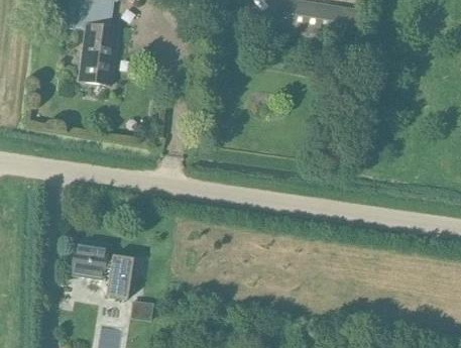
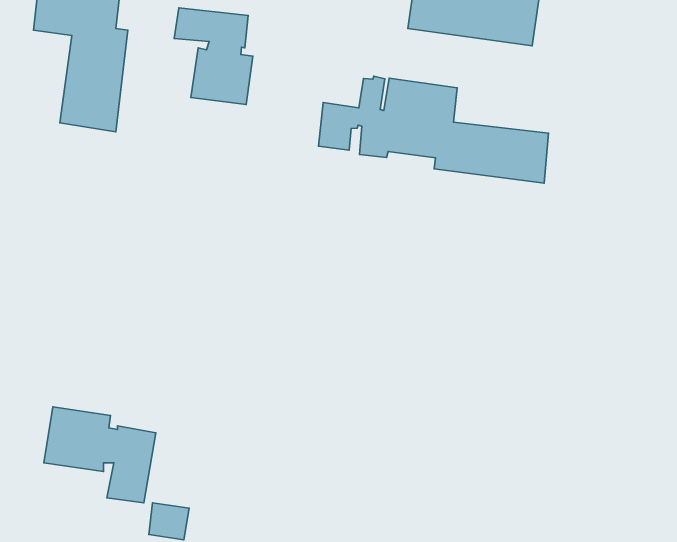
building: none -> [174,8,253,104]
building: none -> [319,76,549,183]

